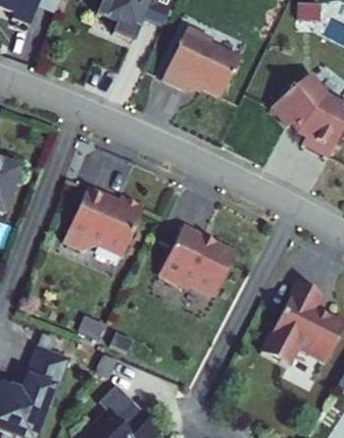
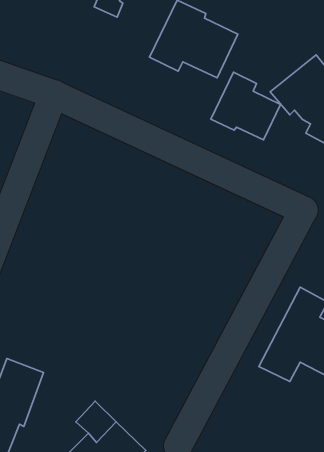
building: none -> [211,72,281,140]
building: [64,184,146,255] -> none
building: [156,222,235,292] -> none

